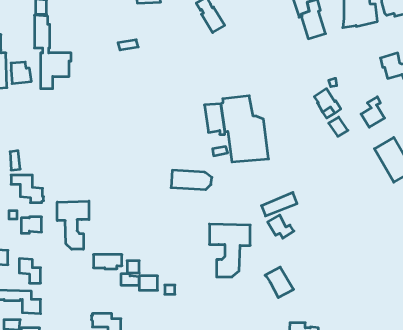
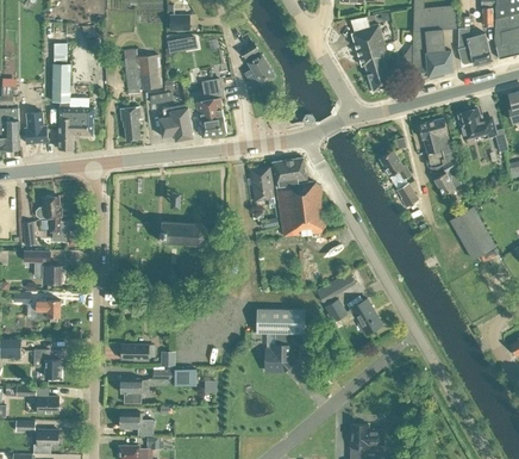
building: none -> [136,54,161,88]
building: none -> [195,79,225,136]
building: none -> [158,104,192,141]
building: none -> [119,106,139,139]
building: none -> [418,117,454,172]
building: none -> [35,194,61,232]
building: [171,170,212,190] -> [160,222,207,244]
building: [57,201,89,249] -> none
building: [265,267,294,298] -> [349,298,382,334]
building: none -> [119,378,146,403]

